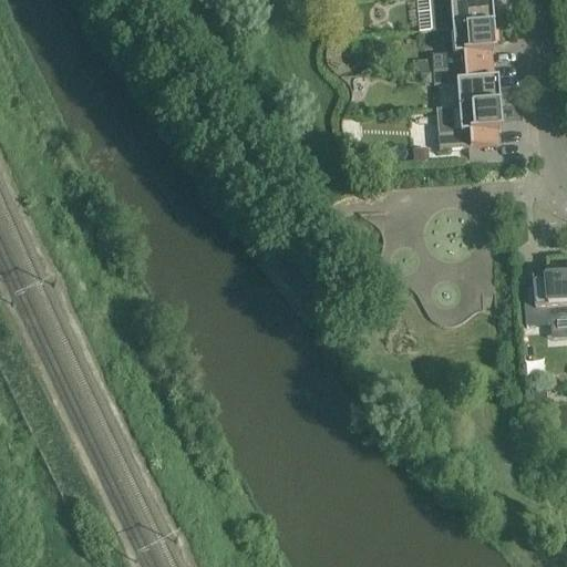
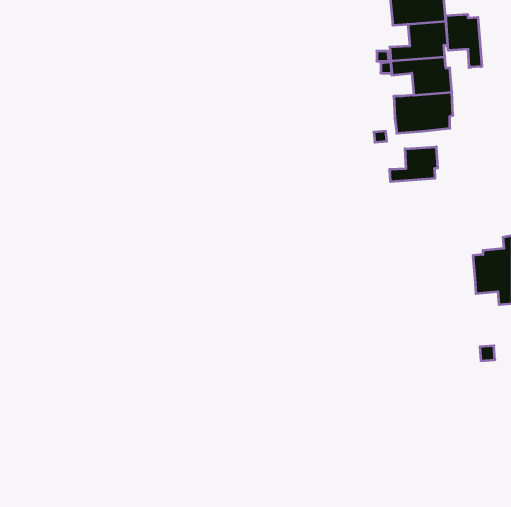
building: none -> [446,14,482,68]
building: none -> [390,147,438,182]

